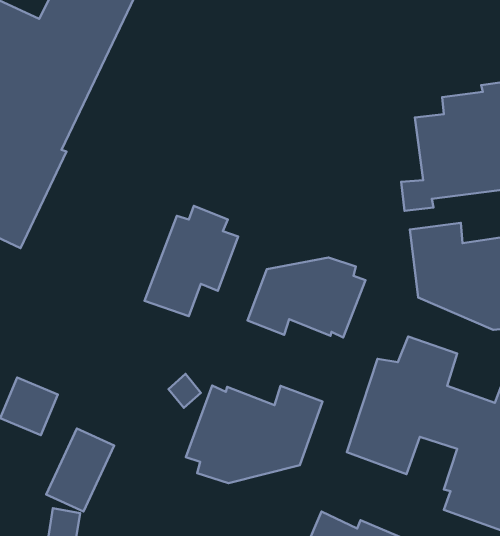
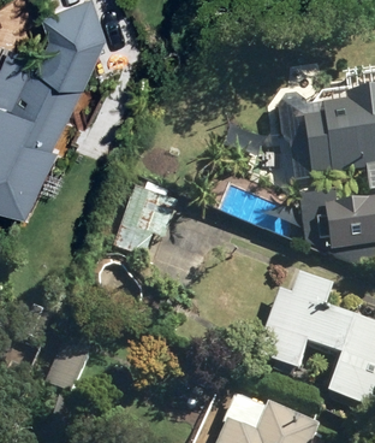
building: [248,257,366,338] -> none
building: [186,386,323,483] -> none

